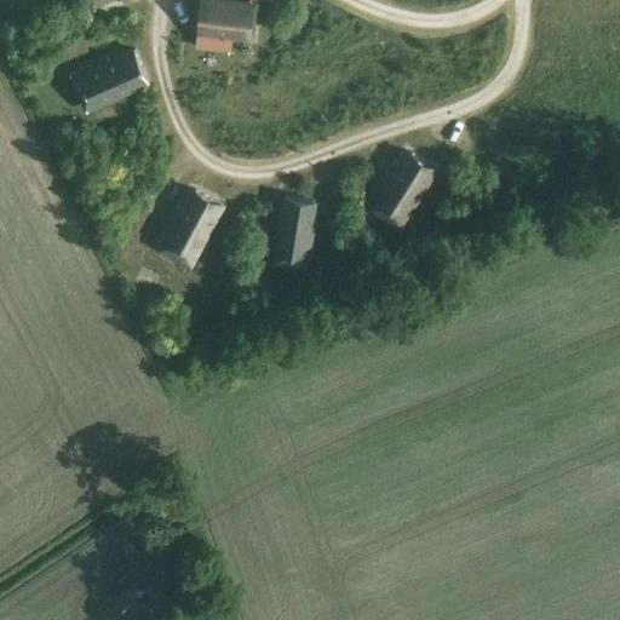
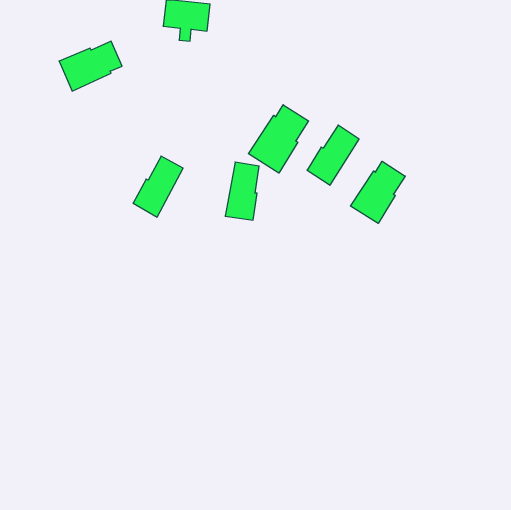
building: none -> [248,105,309,173]
building: none -> [350,161,405,223]

